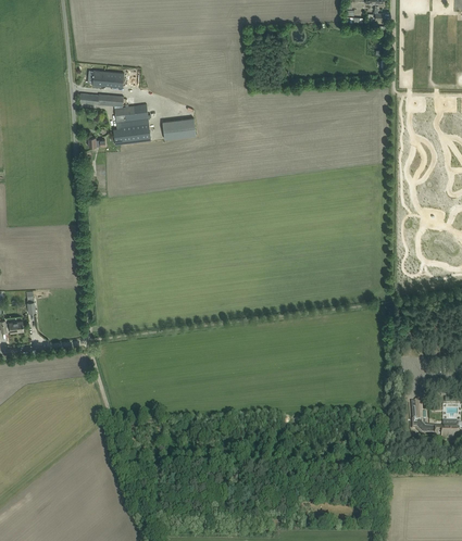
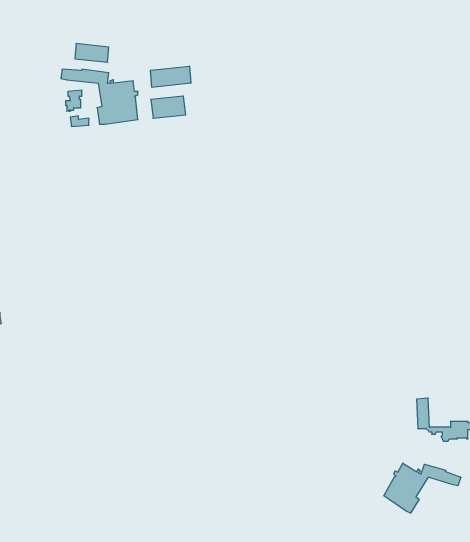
building: none -> [150,66,191,87]
building: none -> [384,463,461,513]

